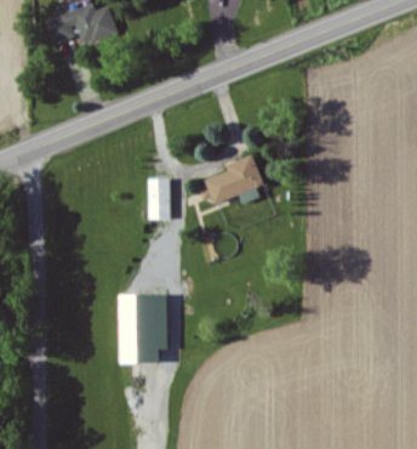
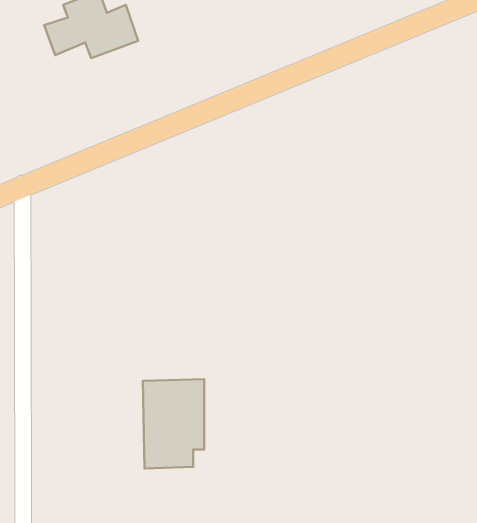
building: [205,154,264,204] -> none
building: [148,178,170,220] -> none

